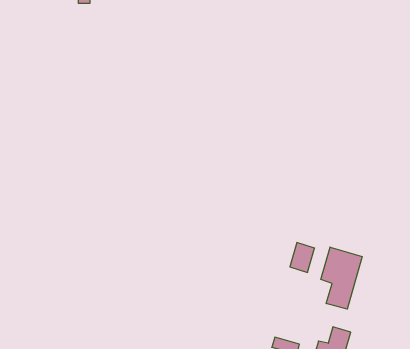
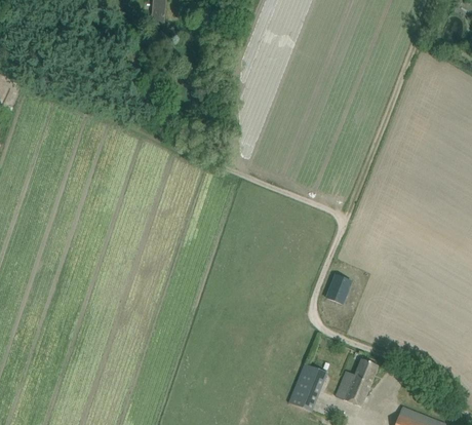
building: [321,247,362,309] -> none

